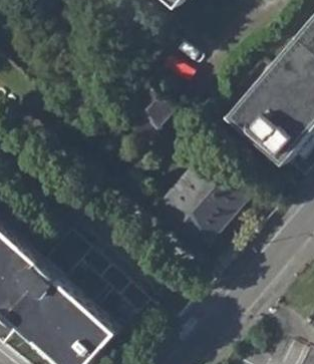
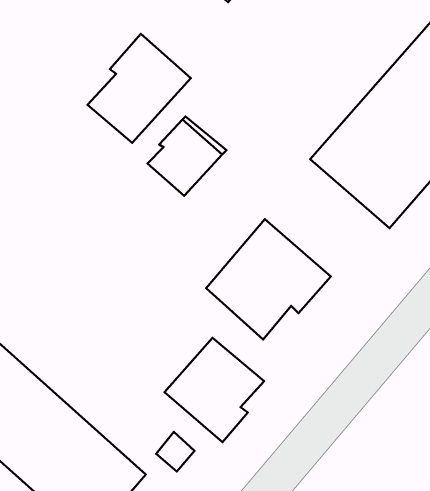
building: none -> [88,34,191,143]
building: none -> [164,338,264,442]

